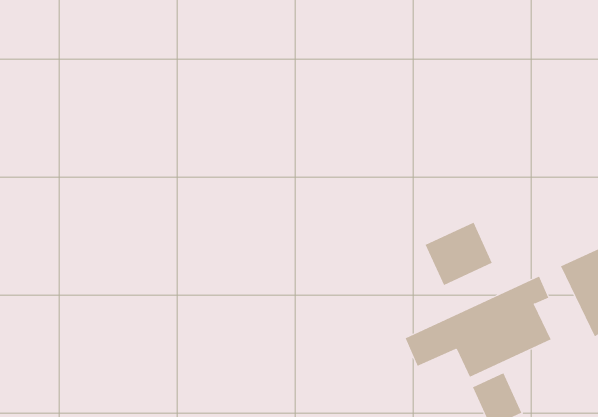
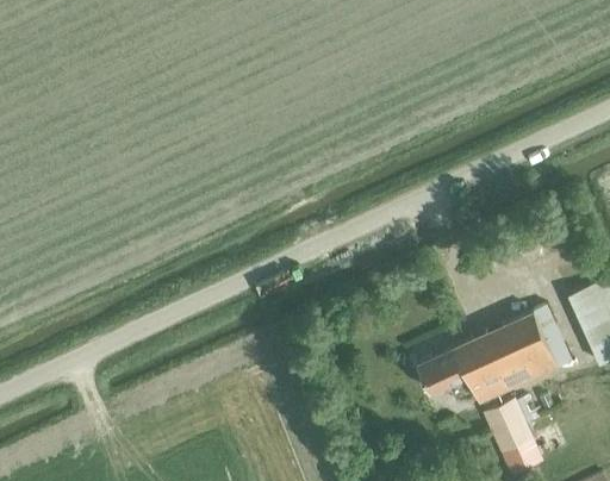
building: [425,222,493,286] -> none

